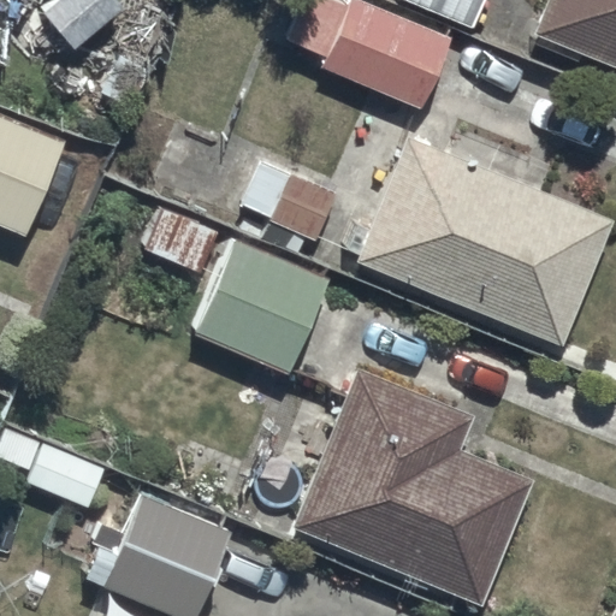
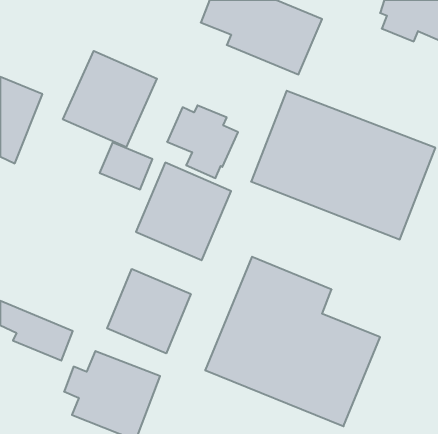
building: none -> [63,51,157,147]
building: none -> [107,269,191,353]

